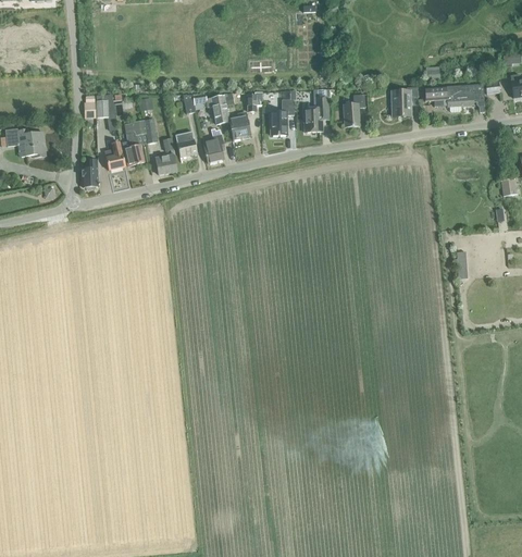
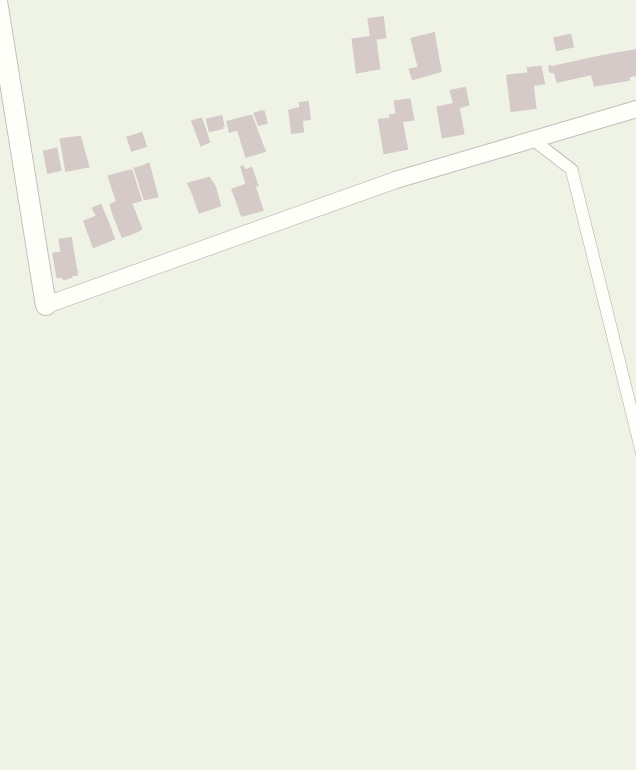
building: none -> [408,31,442,81]
building: [270,99,294,135] -> [351,16,387,74]
building: [228,110,251,137] -> none
building: [154,137,176,174] -> none

